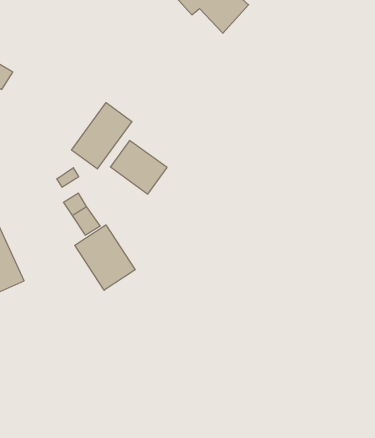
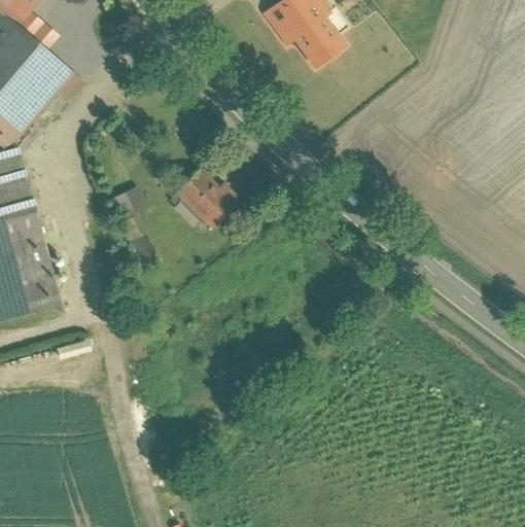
building: [72,103,132,169] -> none
building: [75,225,135,290] -> none

